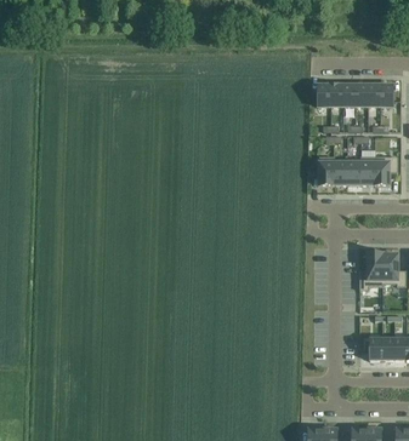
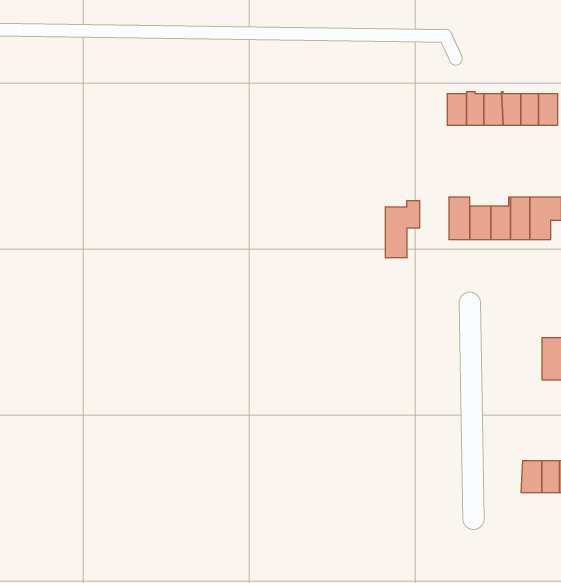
building: none -> [385,200,420,258]
building: [360,251,384,288] -> none

